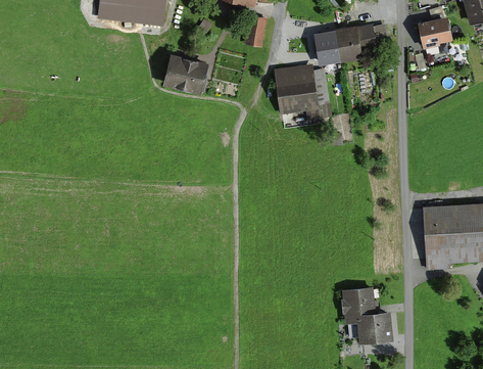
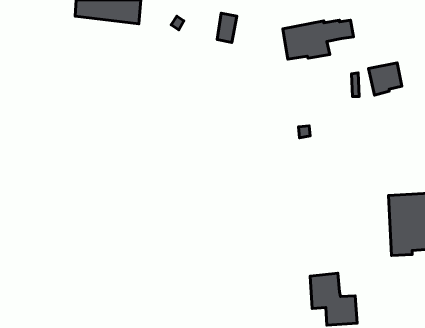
building: [418,15,452,49] -> [369,63,402,95]
building: [163,54,209,93] -> none
building: [275,65,330,129] -> none

